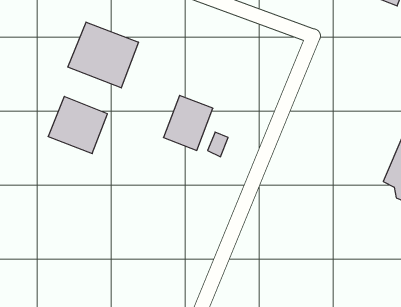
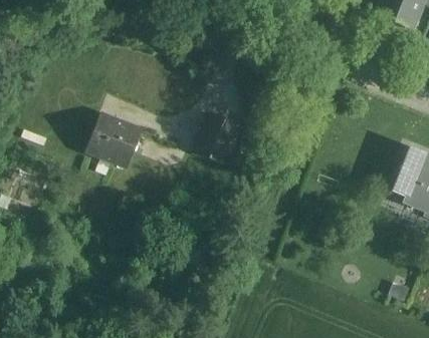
building: [68,22,138,88] -> none

